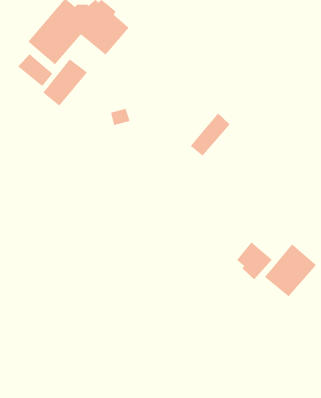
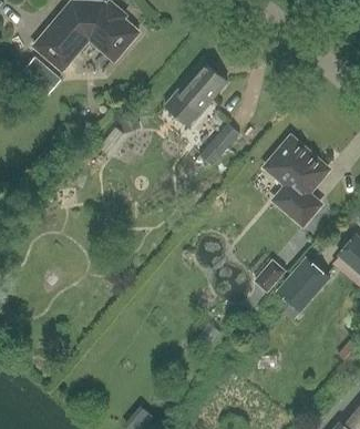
building: none -> [165,61,226,126]
building: [42,58,88,107] -> none
building: none -> [268,141,326,223]

